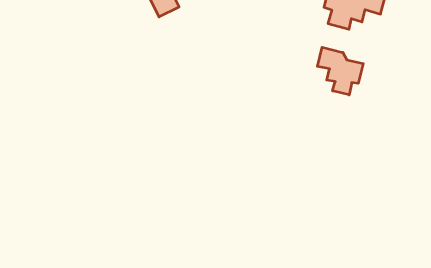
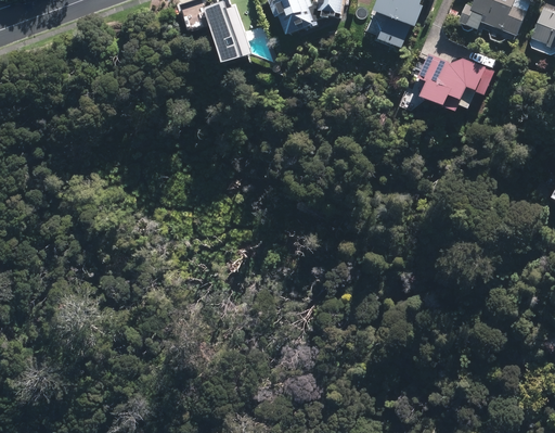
building: [317,47,363,95] -> none

